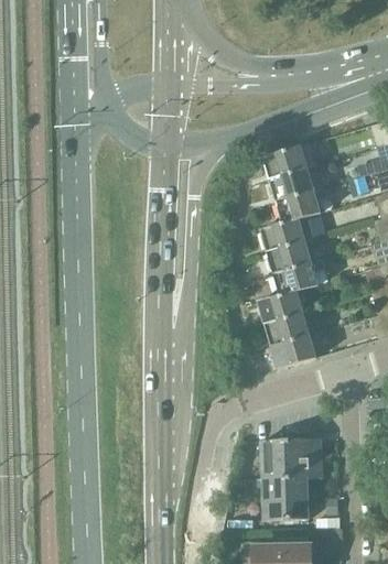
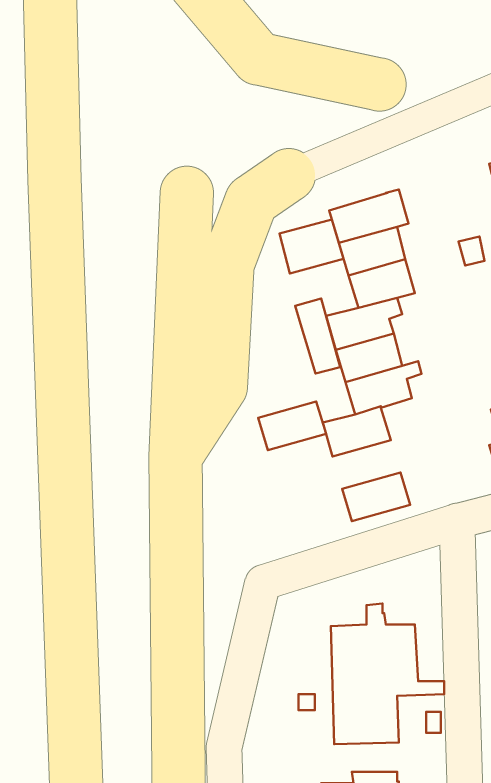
building: none -> [280,220,344,274]
building: none -> [295,299,340,373]
building: [263,314,310,347] -> [258,402,326,450]

